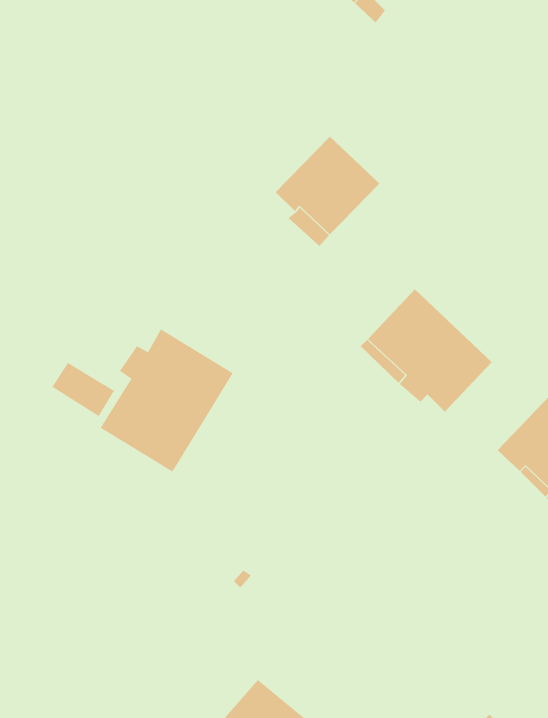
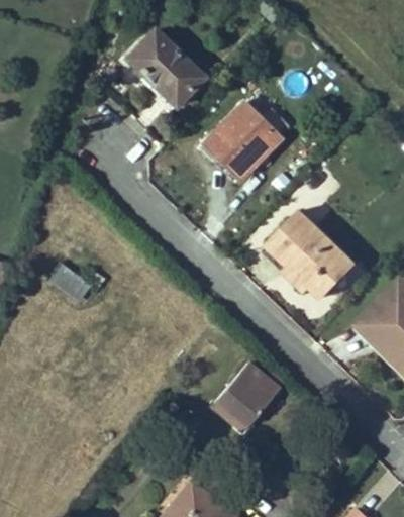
building: none -> [129,30,202,108]
building: [100,328,233,473] -> none
building: none -> [213,361,279,429]

